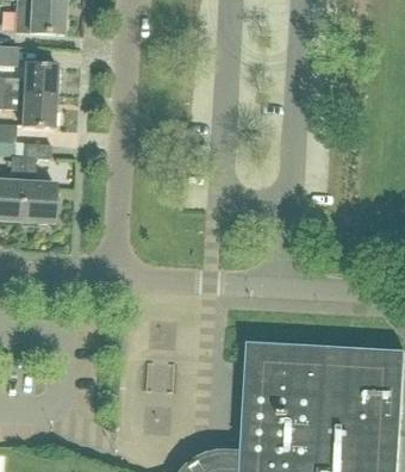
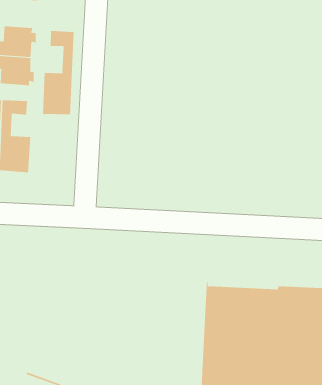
building: none -> [43,30,74,115]

